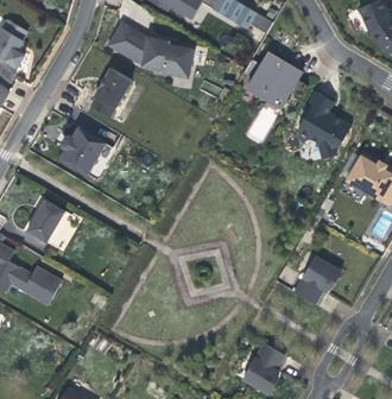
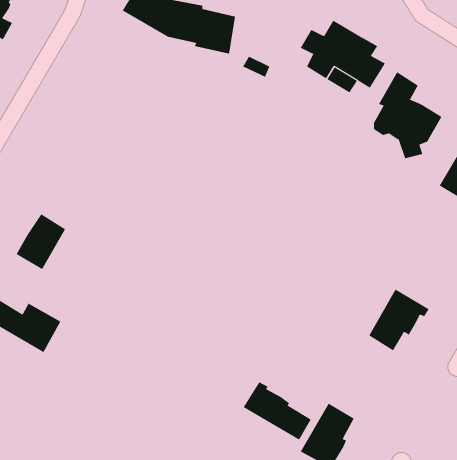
building: [90,66,131,116] -> none
building: [61,127,103,173] -> none
building: none -> [243,381,311,440]

